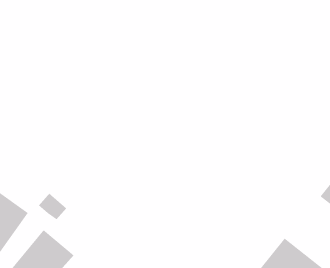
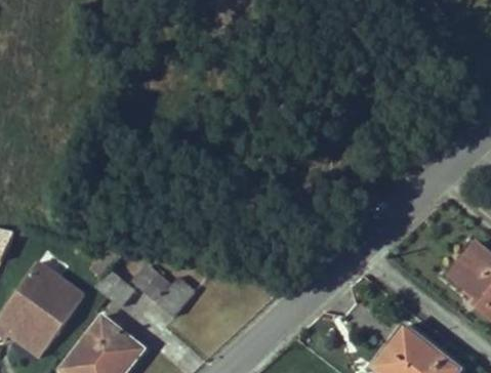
building: none -> [130,262,195,316]

